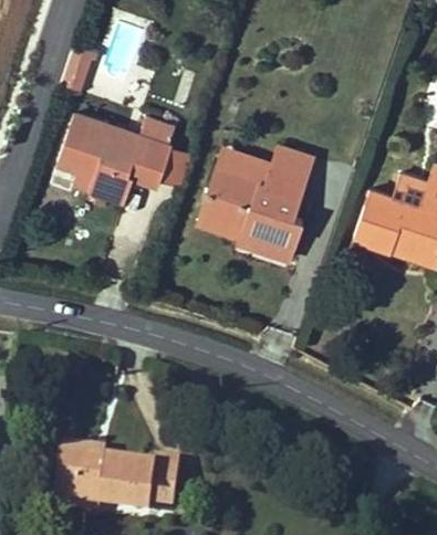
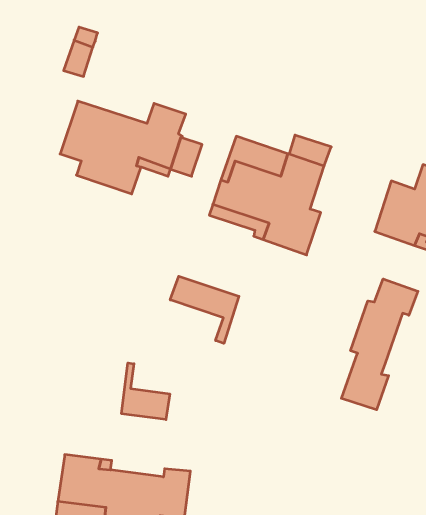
building: none -> [170,276,239,343]
building: none -> [341,279,418,410]
building: none -> [122,363,170,420]

